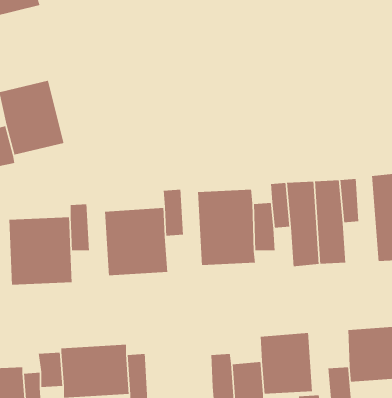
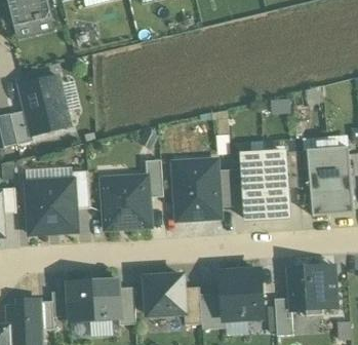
building: none -> [144,275,185,314]

